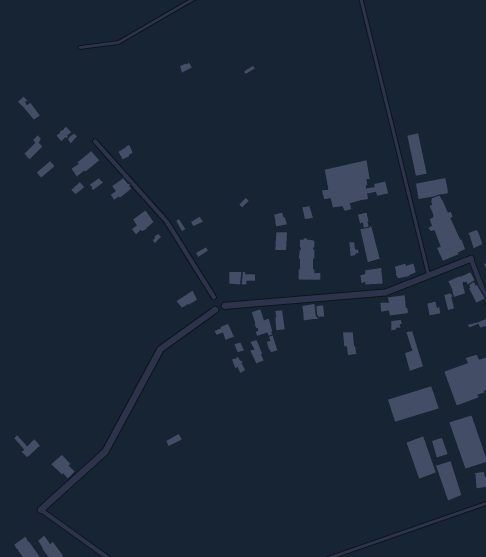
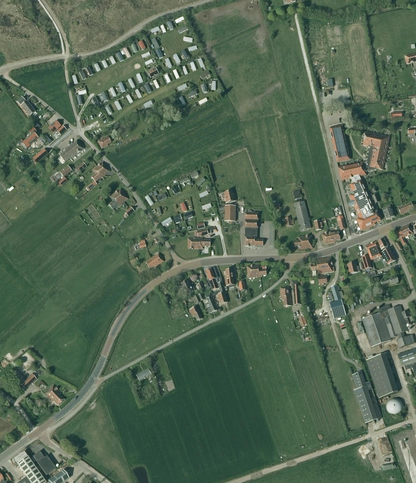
building: none -> [362,132,389,172]
building: [321,160,389,211] -> none
building: [387,385,439,423] -> none
building: [406,436,436,479] -> none

